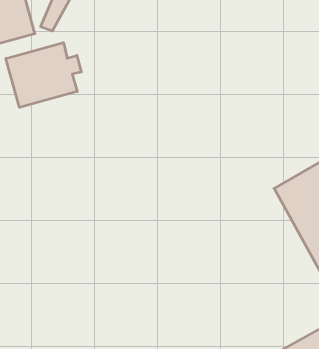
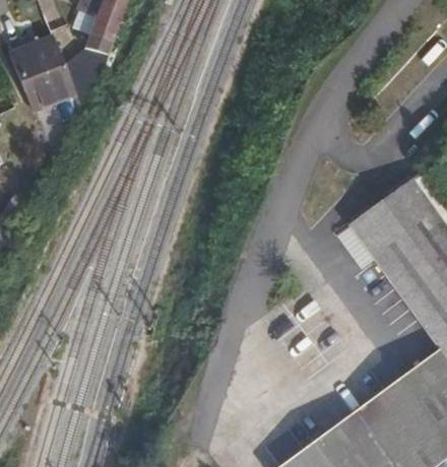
building: [6,43,81,107] -> none

